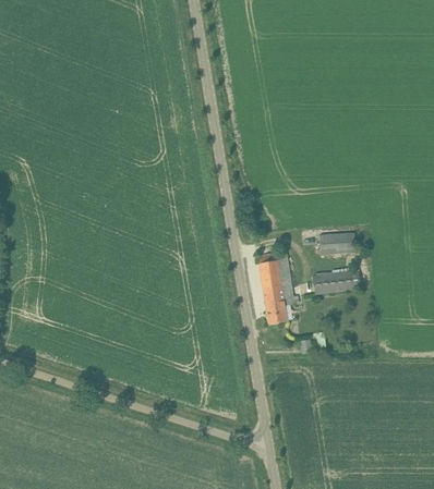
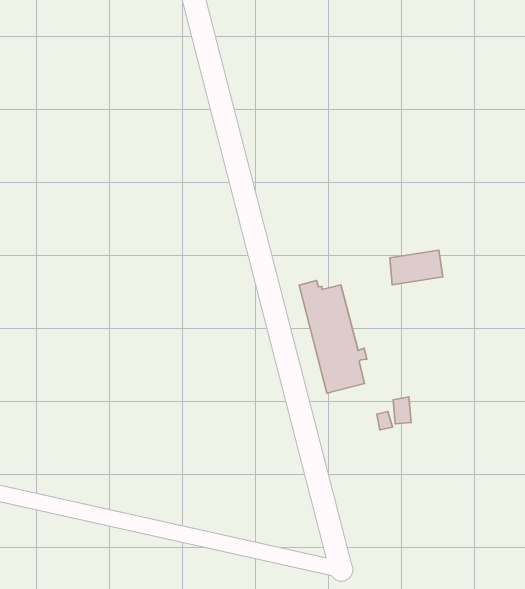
building: [310,269,358,293] -> none

